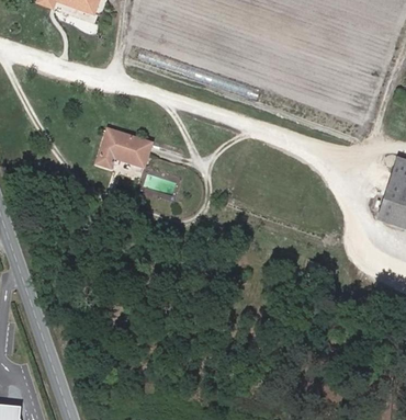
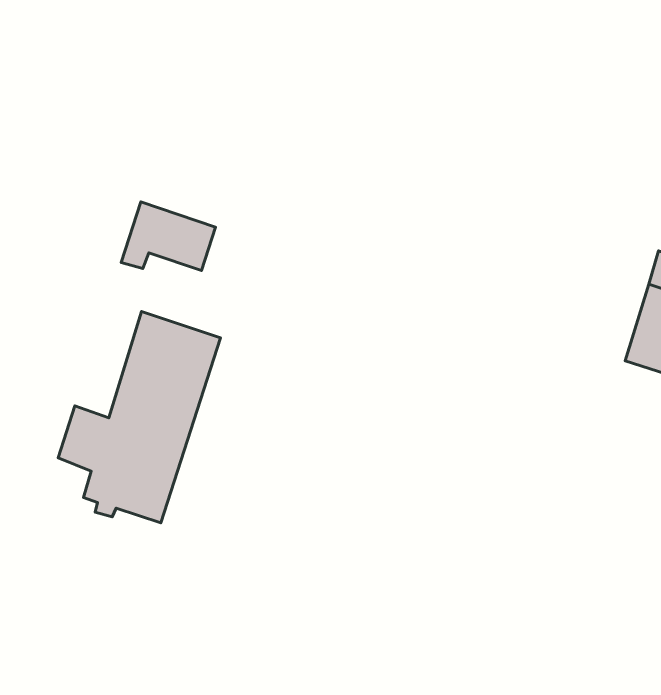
building: none -> [58,312,220,523]

